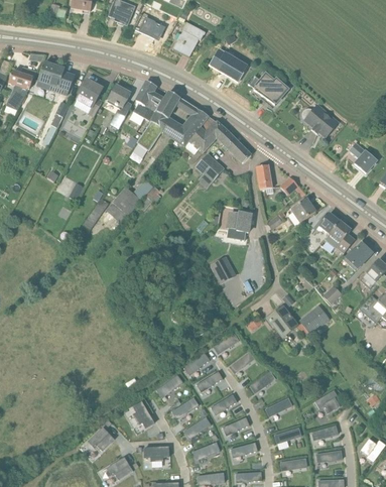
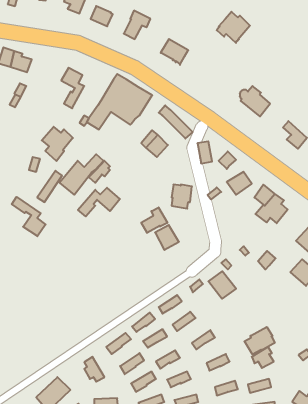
building: [251,73,287,107] -> [217,12,250,43]
building: [76,79,102,115] -> none
building: [133,80,164,120] -> none
building: [187,116,221,153] -> none
building: none -> [42,127,73,161]
building: none -> [78,188,120,216]
building: none -> [12,197,46,236]
building: none -> [141,207,167,233]
building: [339,243,372,280] -> none
building: [299,305,327,331] -> none
building: none -> [244,327,275,354]

